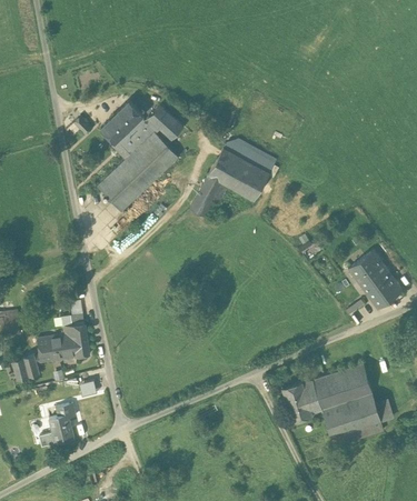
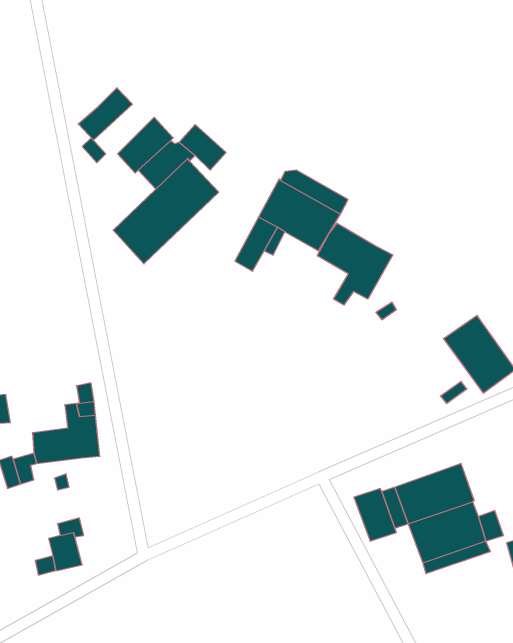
building: none -> [78,88,132,140]
building: none -> [317,223,393,305]

